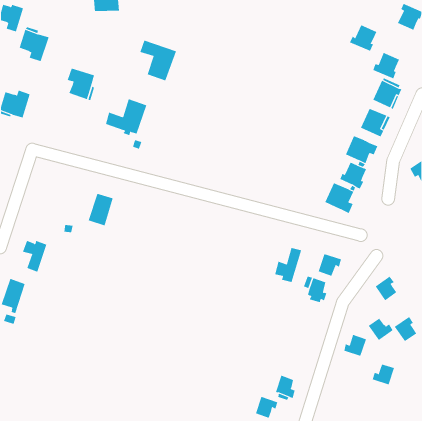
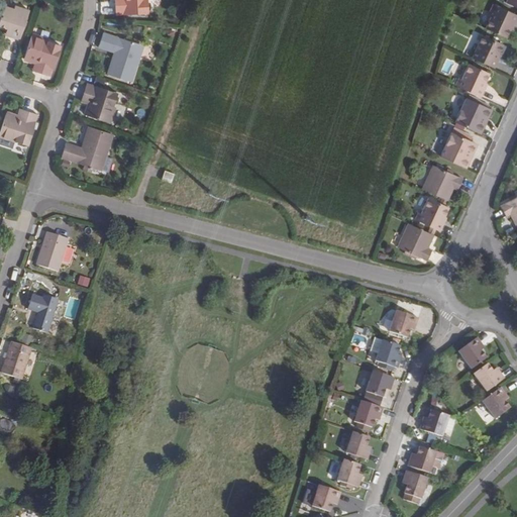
building: [349,24,377,52] -> [469,34,503,68]
building: [140,40,177,81] -> [98,31,143,82]
building: [105,99,147,136] -> [61,126,112,172]
building: [88,193,113,226] -> [36,231,68,272]
building: [275,247,302,283] -> none
building: none -> [366,371,394,397]
building: [368,318,393,341] -> [473,363,504,391]
building: none -> [354,400,383,431]
building: none -> [346,431,370,459]
building: [372,364,395,385] -> [408,446,436,473]
building: none -> [403,471,427,502]

